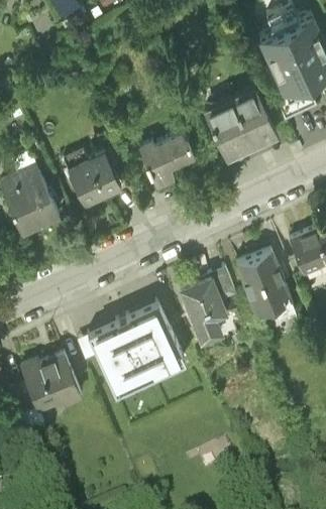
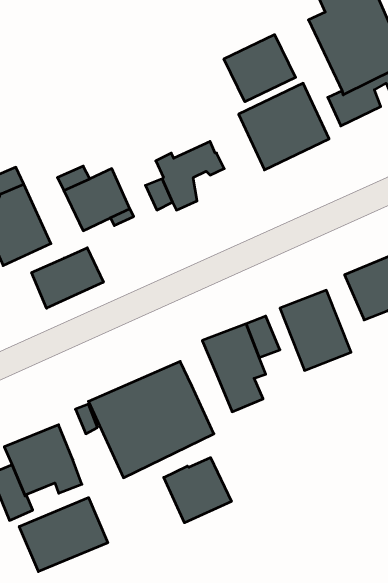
building: none -> [224,35,296,102]
building: none -> [32,248,103,308]
building: none -> [164,458,231,523]
building: none -> [19,498,108,572]

